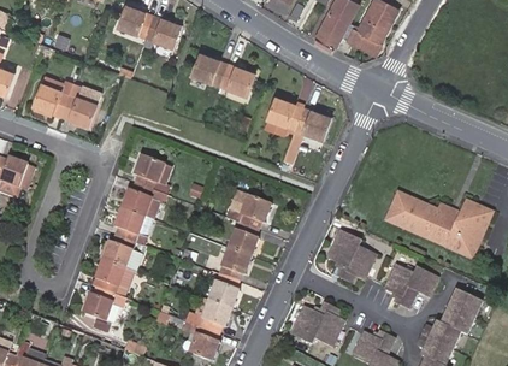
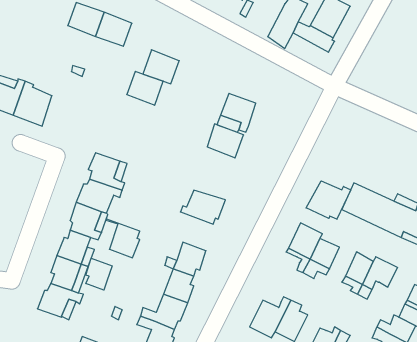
building: [217,65,253,99] -> [127,71,163,105]
building: [294,107,330,141] -> [207,124,244,158]
building: none -> [306,181,351,219]
building: [225,216,259,254] -> [106,219,140,258]
building: none -> [86,258,112,290]

